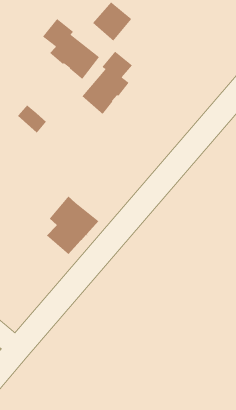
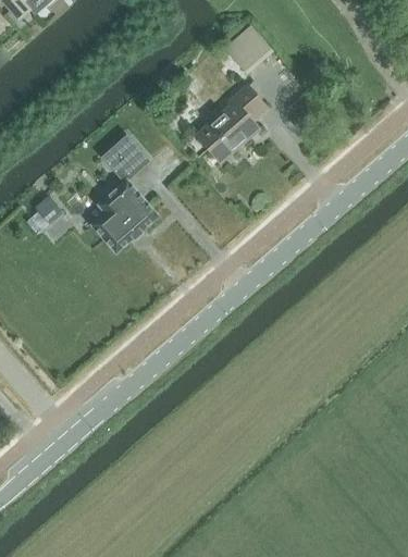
building: [42,18,100,80] -> none
building: [46,195,99,255] -> [89,178,158,252]

